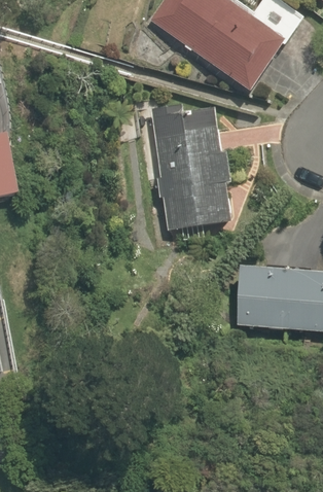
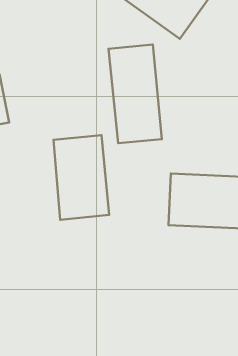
building: none -> [54,135,109,220]

